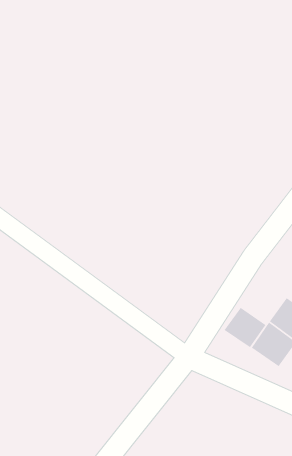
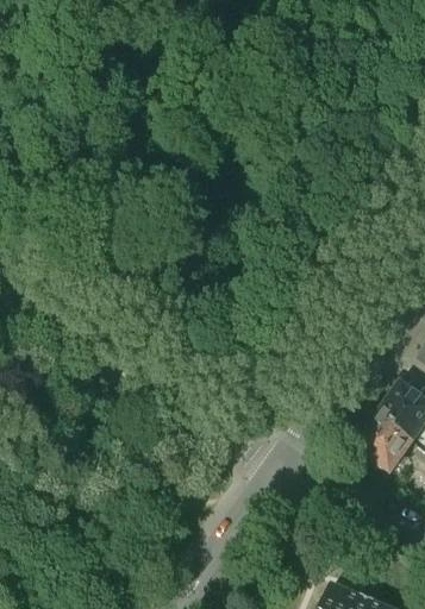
building: [223,307,266,348] -> none

